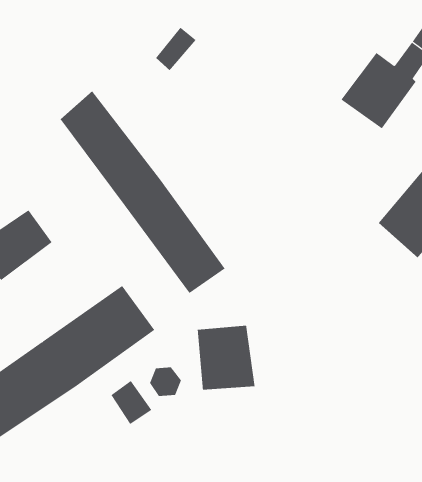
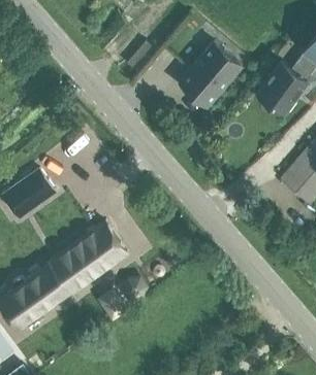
building: none -> [177,41,240,107]
building: [60,91,226,294] -> none
building: [197,325,255,390] -> none

